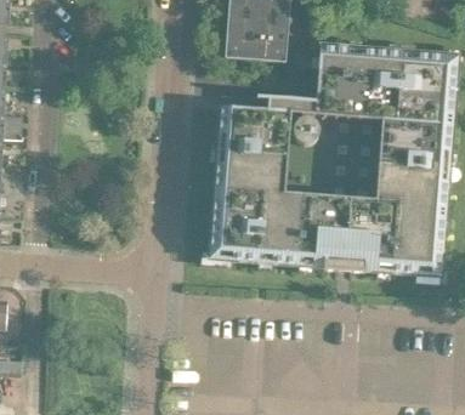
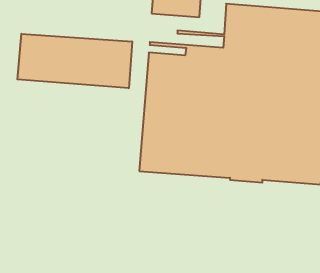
building: none -> [17,34,132,88]

